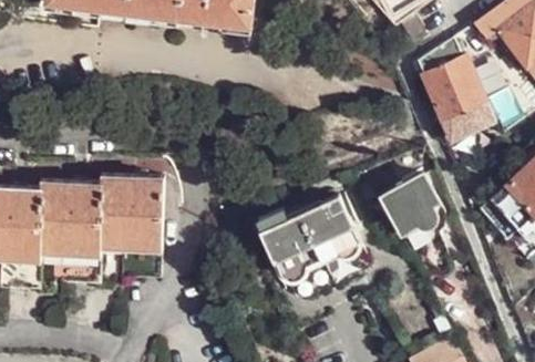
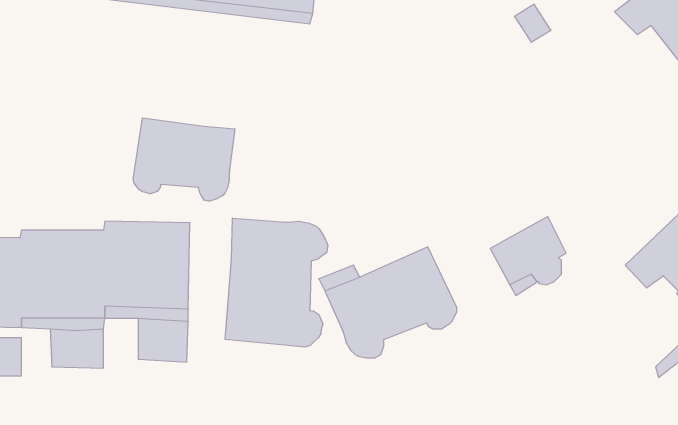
building: [412,39,495,143] -> none
building: none -> [133,118,235,201]
building: none -> [225,218,328,347]

